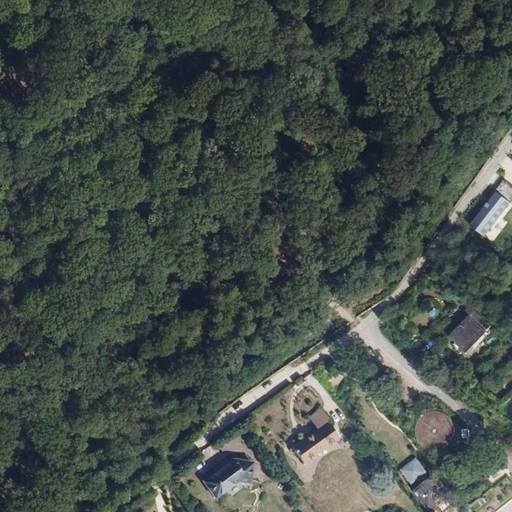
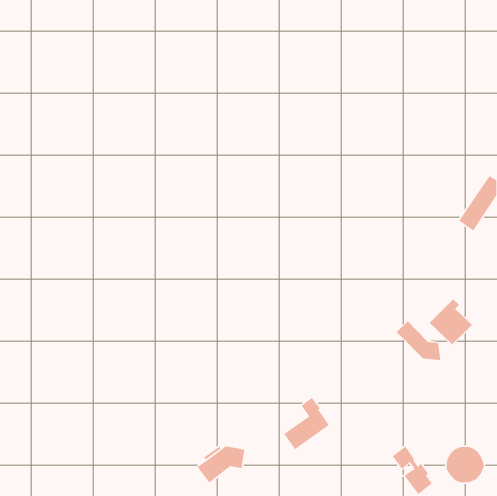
building: none -> [396,321,441,361]
building: [416,411,456,449] -> [446,446,485,483]

